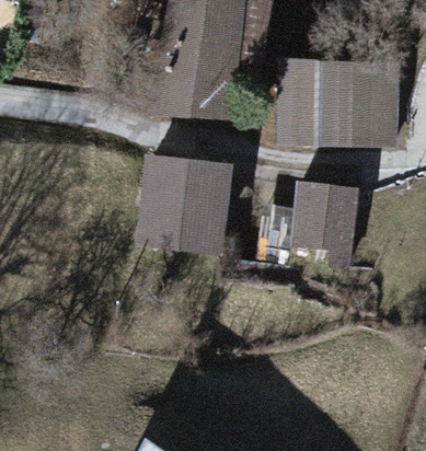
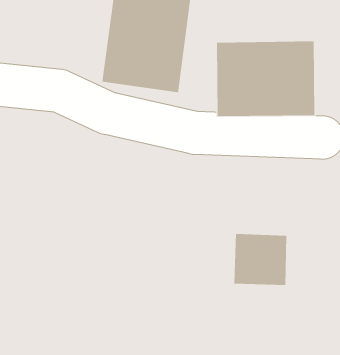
building: [140,157,230,250] -> none
building: [289,184,354,246] -> [233,234,287,286]

